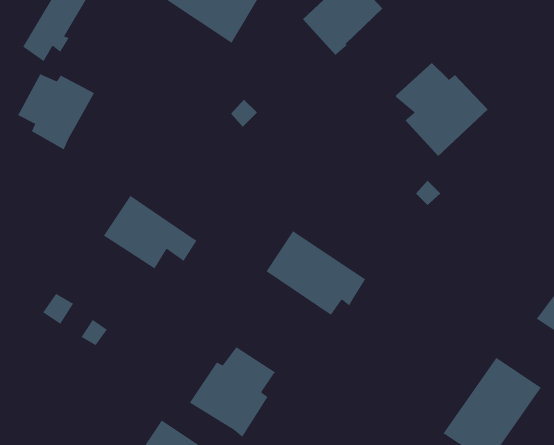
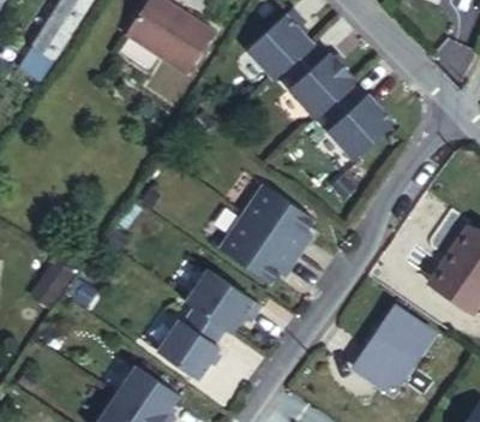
building: none -> [278,40,352,113]
building: [17,73,95,150] -> none
building: none -> [236,182,310,252]
building: [103,195,197,270] -> [182,267,257,326]

